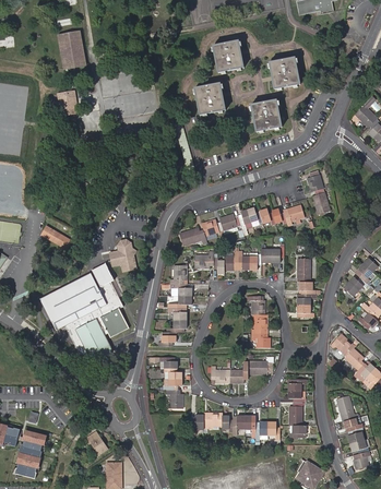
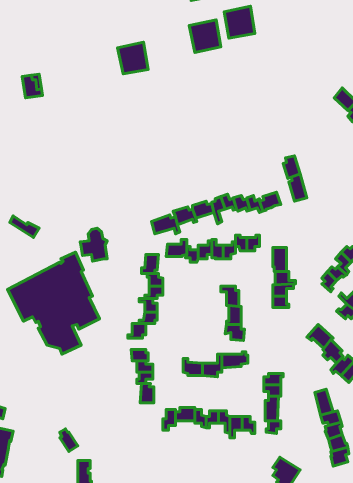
building: [59,31,85,68] -> none
building: [272,56,301,86] -> [224,6,255,38]
building: [197,81,226,111] -> [118,42,148,74]
building: [253,98,284,129] -> none

